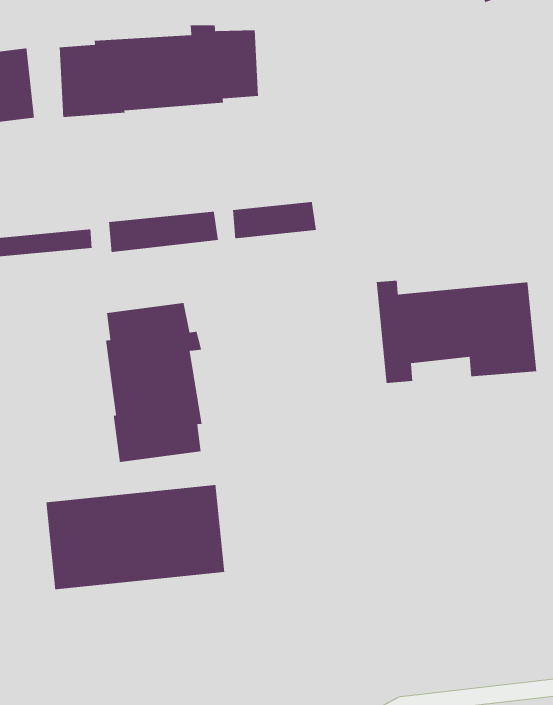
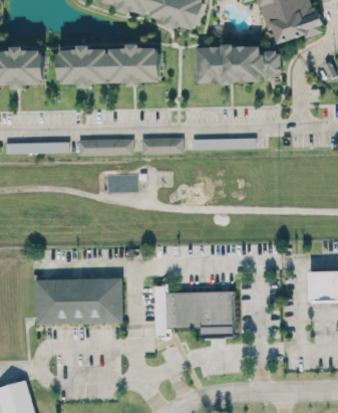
building: none -> [196,45,281,81]
building: [376,280,537,384] -> [155,284,234,337]
building: [105,302,203,463] -> none

